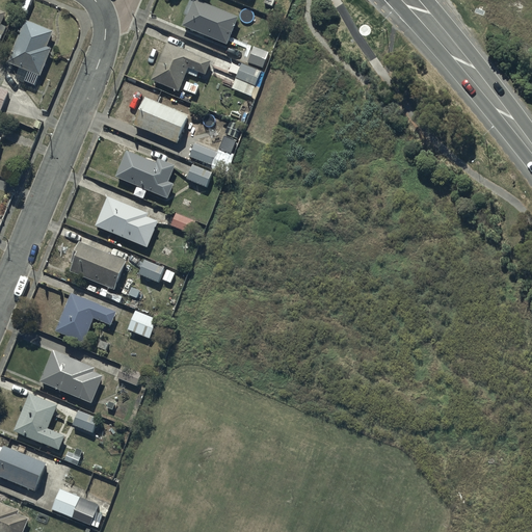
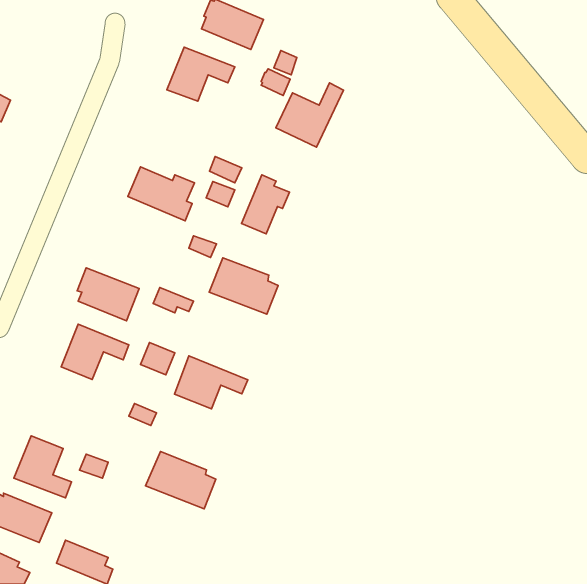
building: [7,21,53,85] -> none
building: none -> [276,83,344,147]
building: [134,97,189,143] -> none
building: none -> [241,175,289,234]
building: [95,196,157,247] -> [209,258,278,314]
building: none -> [175,356,248,409]
building: [39,351,103,403] -> [146,451,216,509]

